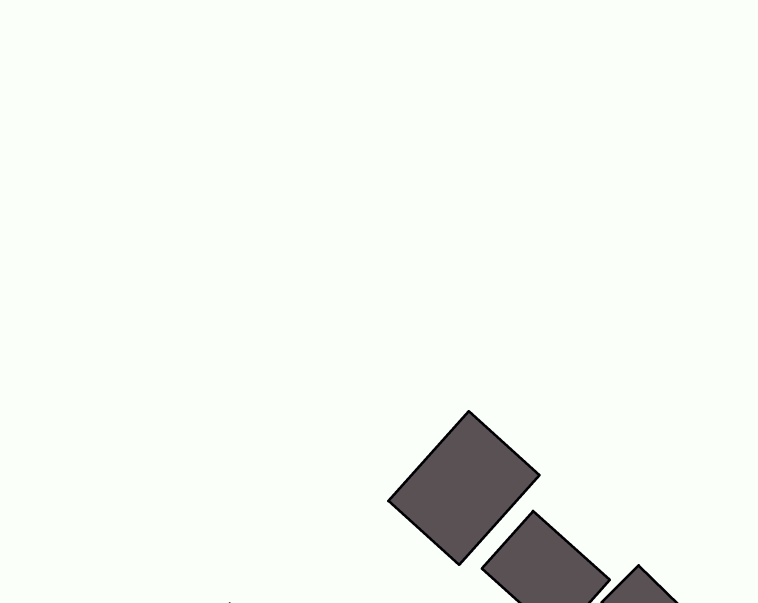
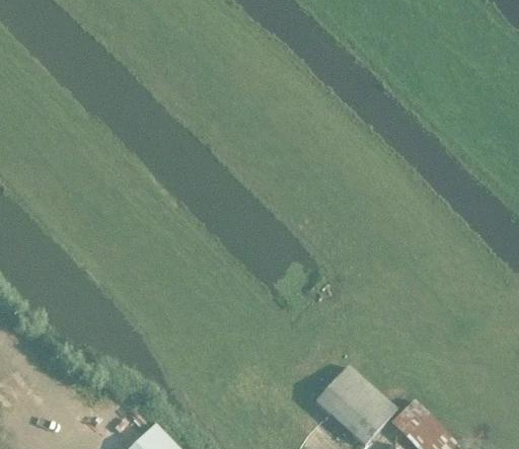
building: [388,411,539,565] -> none

